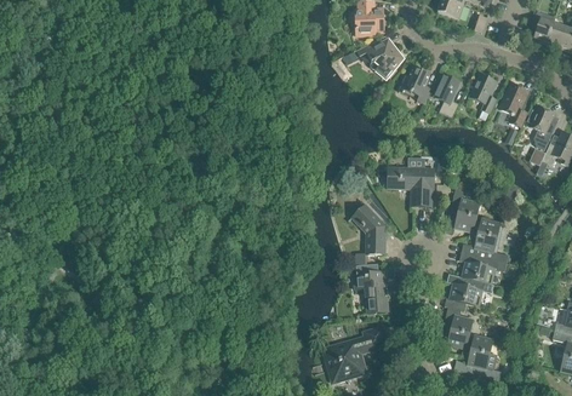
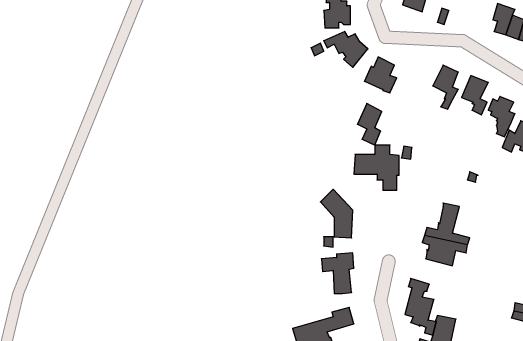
building: [435,73,461,116] -> [357,103,382,145]
building: [446,185,481,239] -> none
building: [447,271,494,304] -> none

